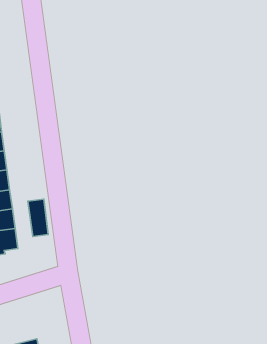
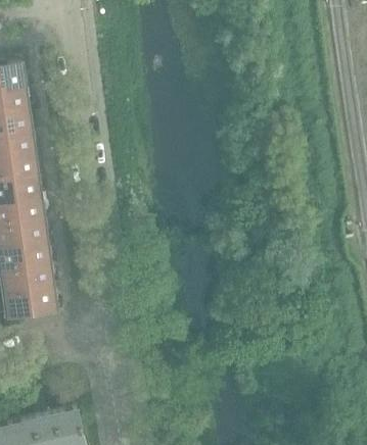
building: [28,199,48,237] -> none

